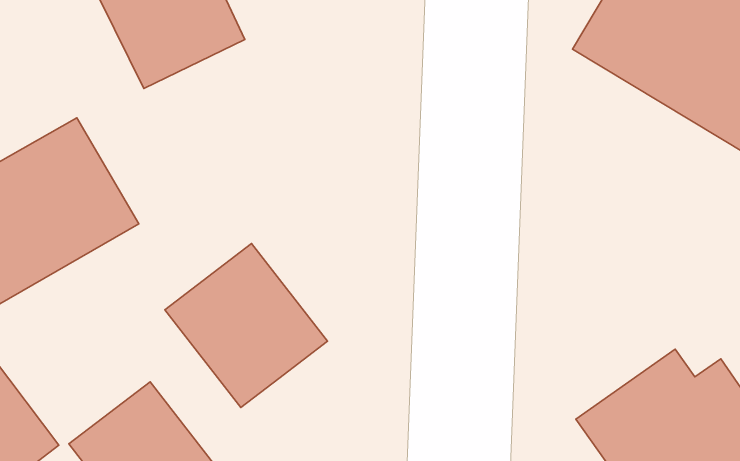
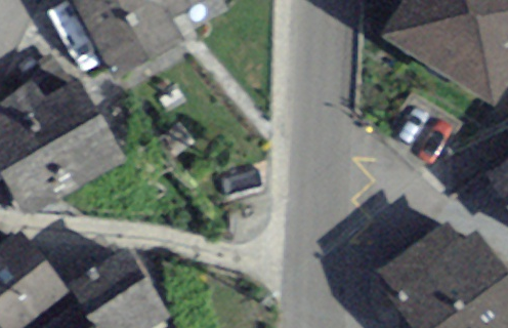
building: [165,244,327,407] -> none

